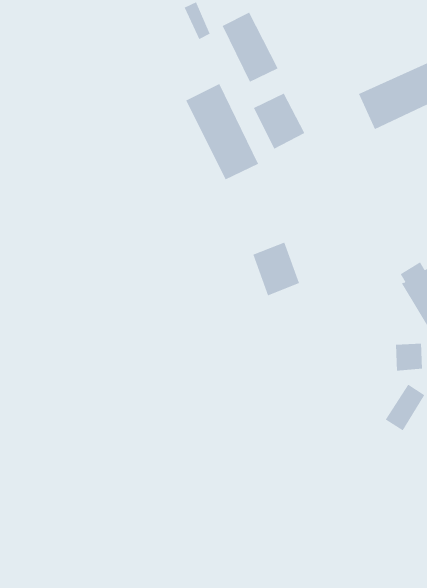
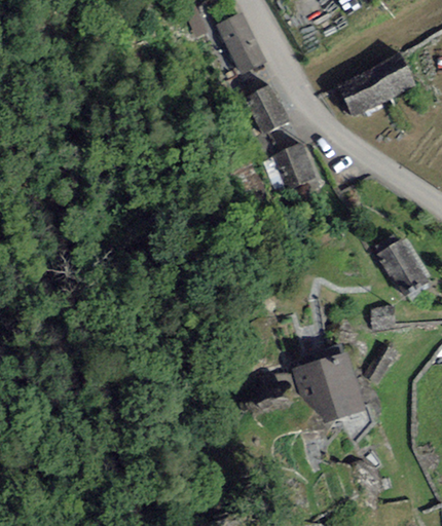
building: [186,83,259,180] -> none
building: [253,242,300,296] -> [273,142,316,190]
building: none -> [292,351,365,423]

